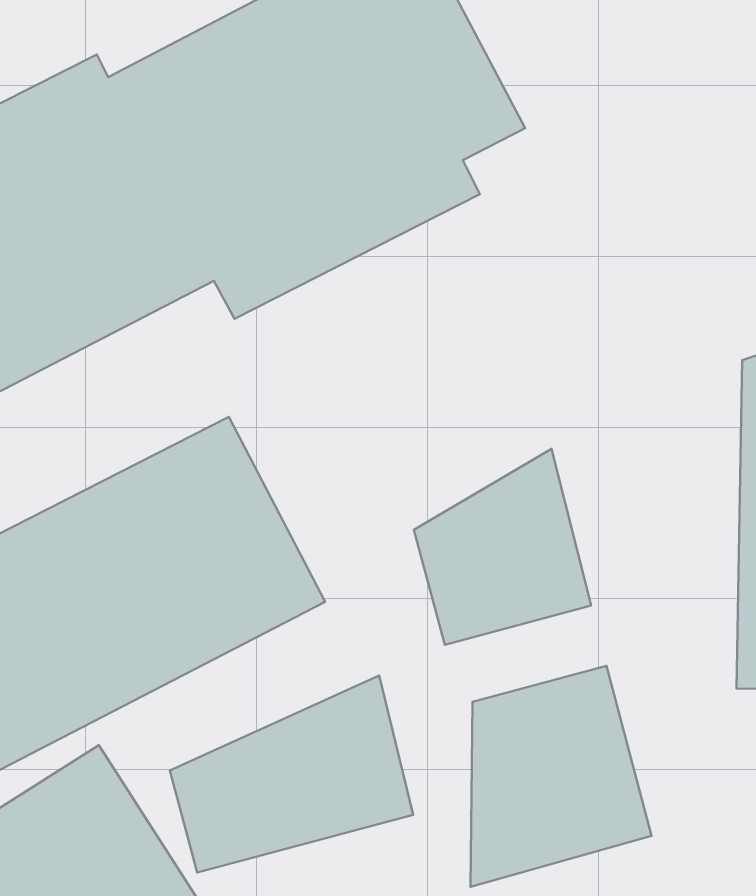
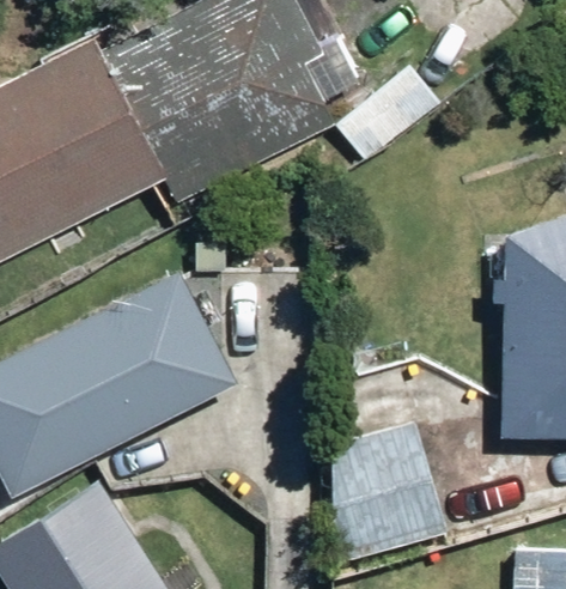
building: [414,449,591,645] -> none
building: [170,676,413,873] -> none

